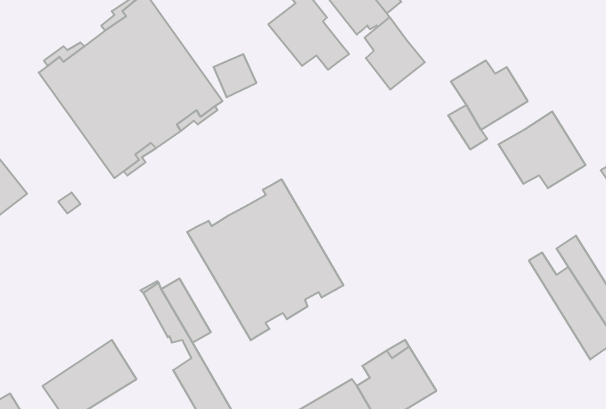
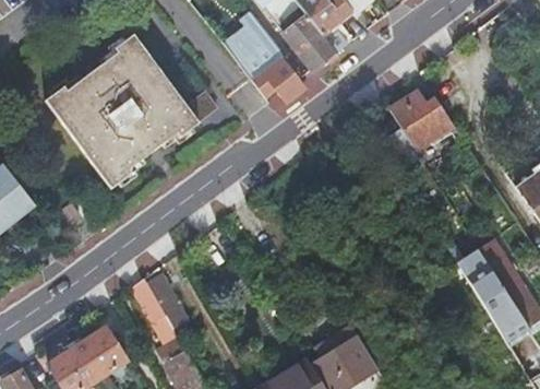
building: [365,17,425,90] -> none
building: [498,111,585,188] -> none
building: [187,179,343,340] -> none

